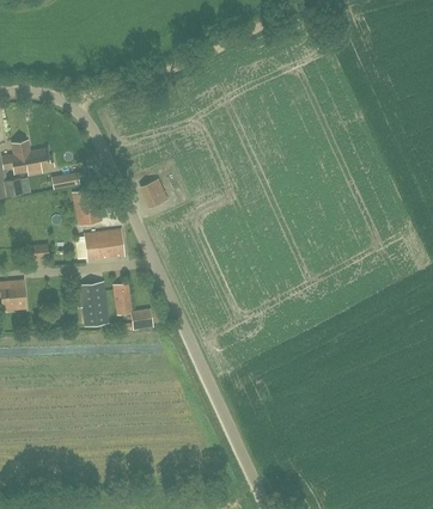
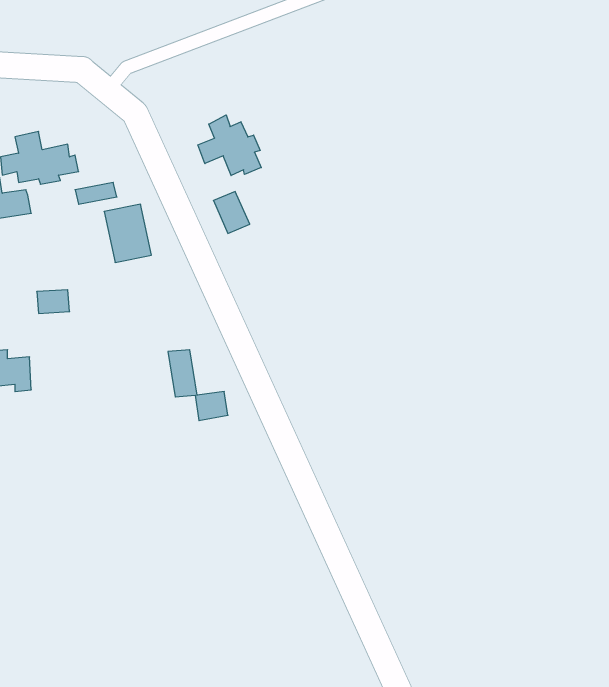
building: none -> [198,115,261,176]
building: [84,228,124,260] -> none
building: [79,282,108,325] -> none

